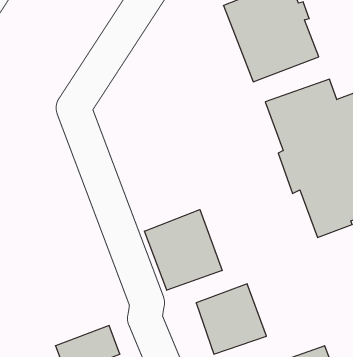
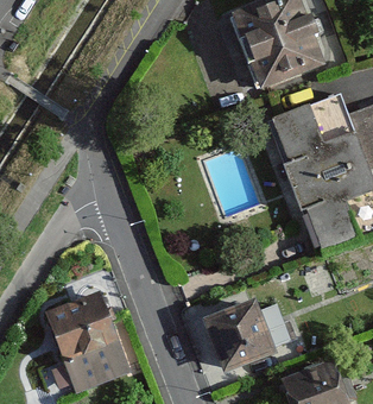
building: [144,210,222,290] -> none
building: none -> [45,291,118,361]

